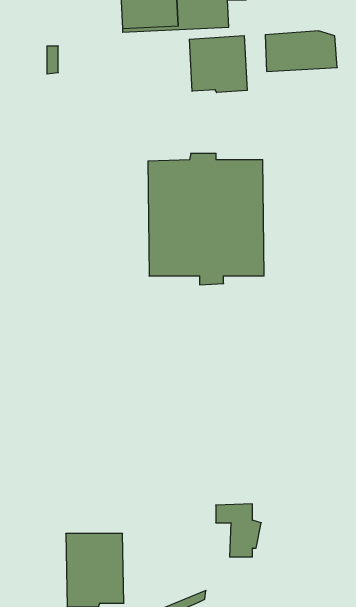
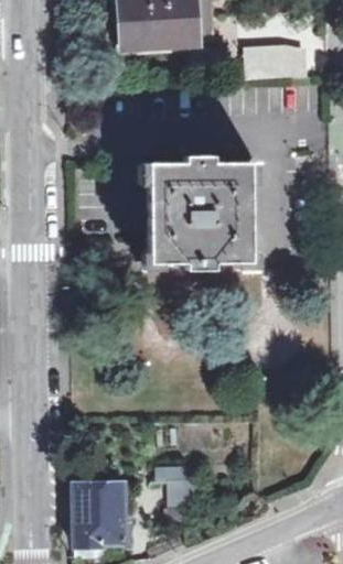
building: [189,36,247,93] -> none
building: [216,504,261,557] -> [156,468,195,514]

